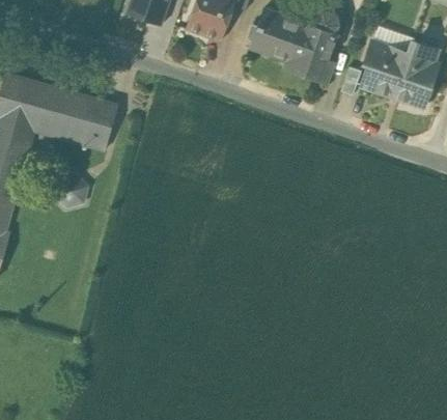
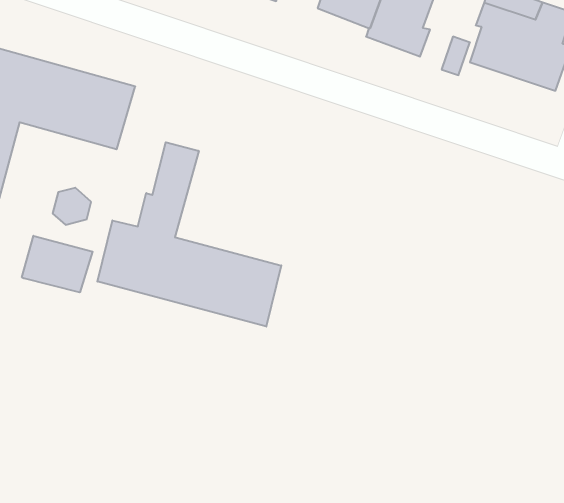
building: none -> [97,142,281,327]
building: none -> [22,236,93,292]

